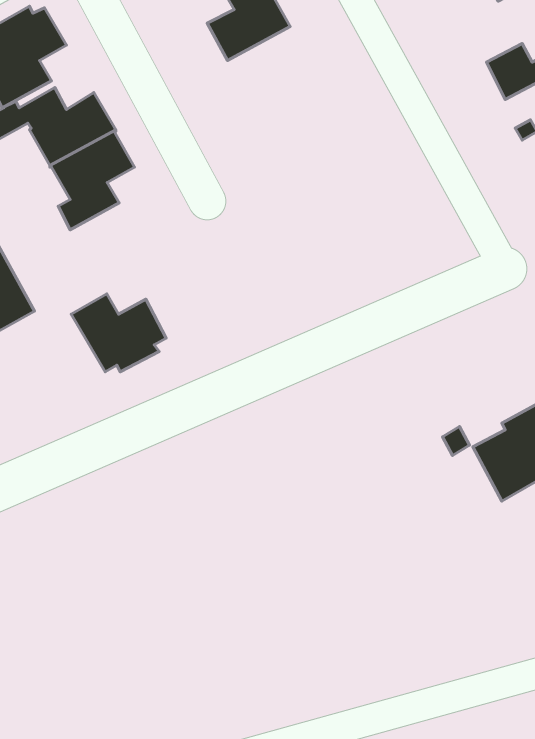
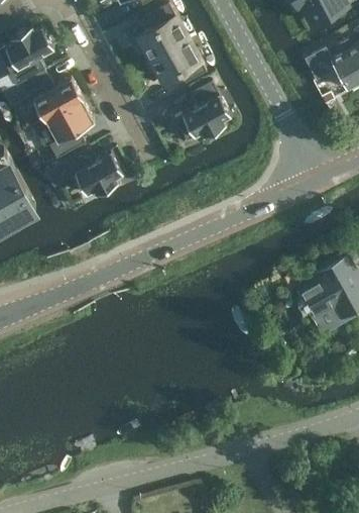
building: none -> [150,41,207,87]
building: none -> [174,85,232,144]
building: [71,294,166,372] -> [67,151,123,198]

